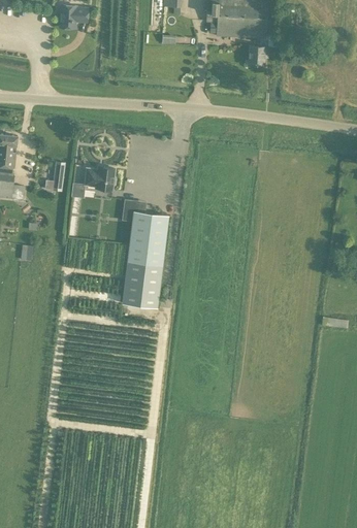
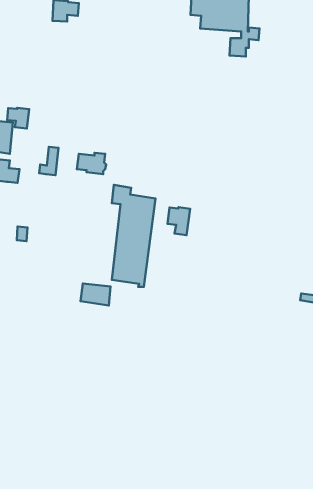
building: none -> [7,108,29,129]
building: none -> [167,207,190,235]
building: none -> [80,283,110,305]

